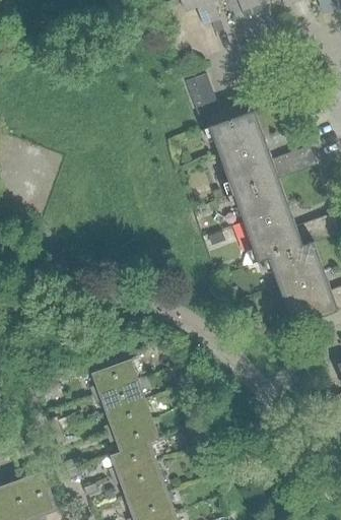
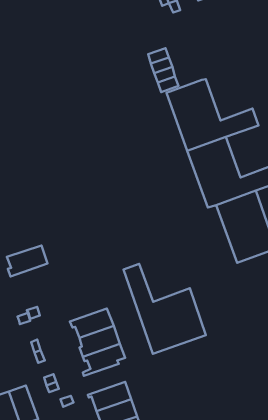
building: none -> [123,264,206,354]
building: [90,358,138,394] -> [7,246,47,277]
building: [111,444,159,480] -> none

